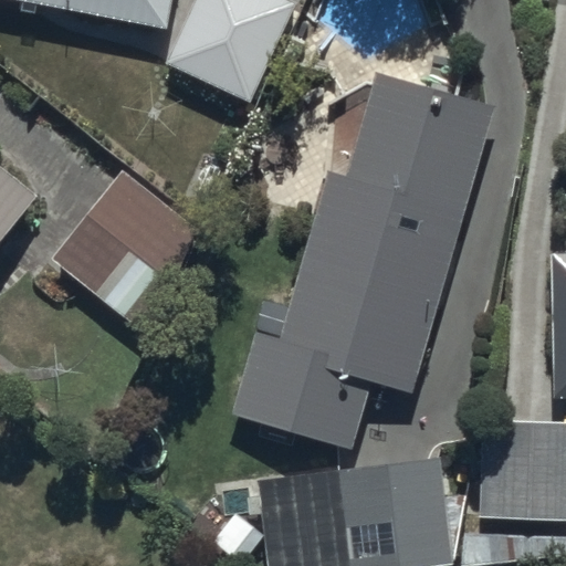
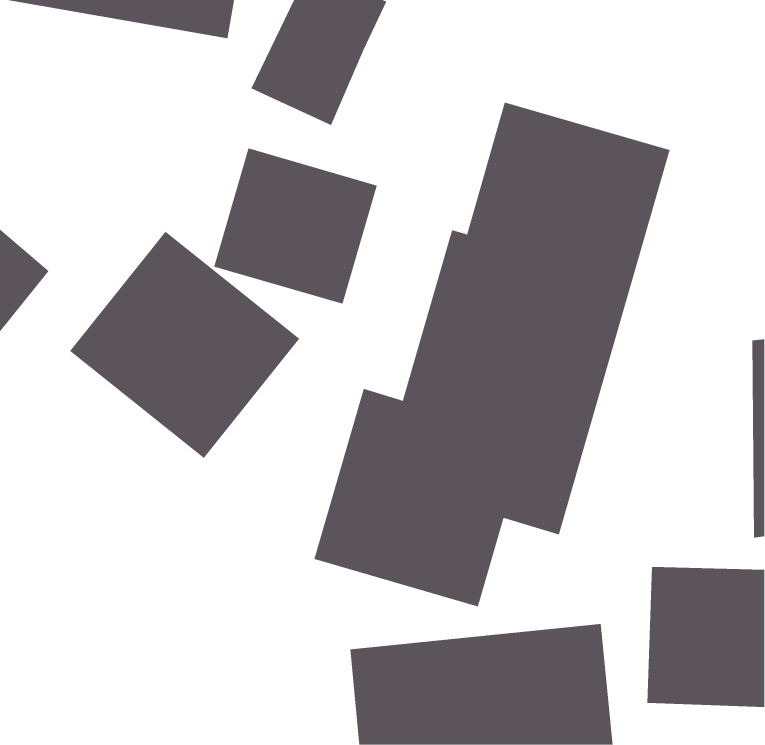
building: none -> [214,148,377,304]

